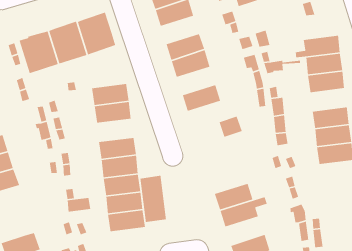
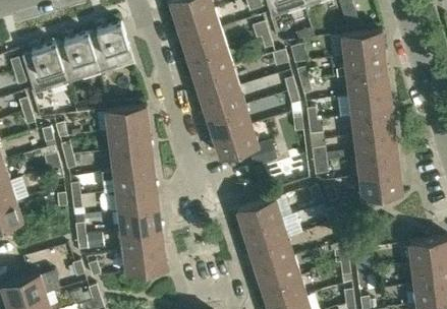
building: none -> [182,28,227,60]
building: none -> [342,29,385,55]
building: none -> [201,86,258,118]
building: none -> [352,111,395,136]
building: none -> [213,125,259,158]
building: none -> [110,145,153,171]
building: none -> [237,197,282,230]
building: [140,175,167,223] -> none
building: none -> [256,256,301,289]

